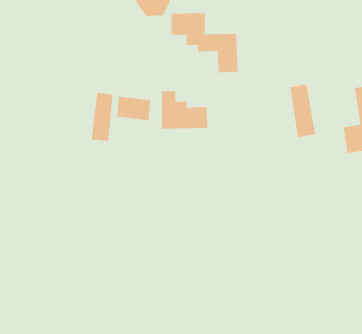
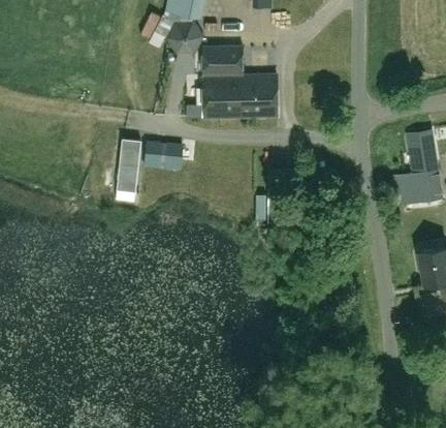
building: [290,84,316,138] -> none
building: [161,91,208,129] -> [203,74,255,117]

